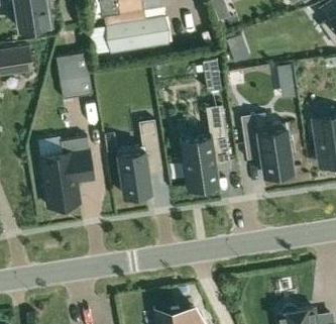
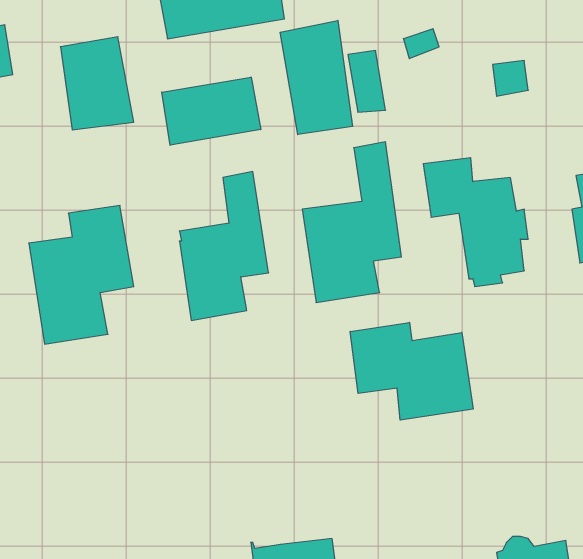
building: none -> [280,20,353,135]
building: none -> [162,77,261,145]
building: none -> [350,322,473,420]

